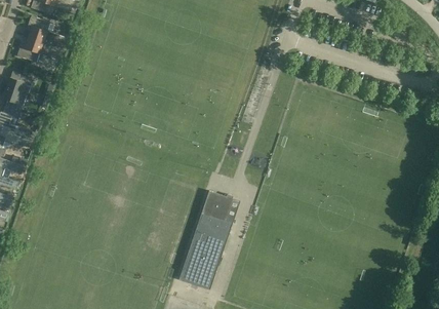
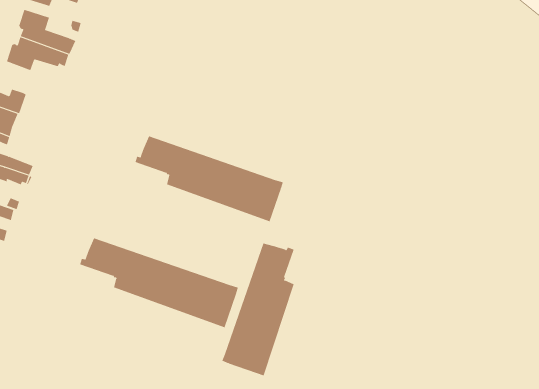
building: none -> [135,136,283,222]
building: none -> [80,237,239,328]

